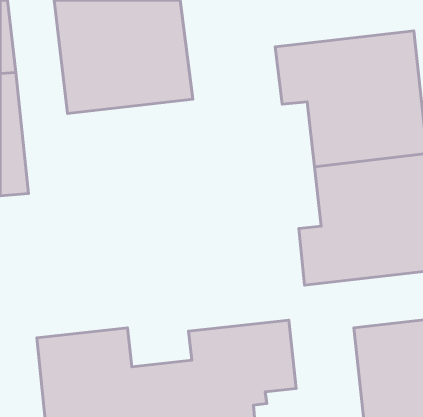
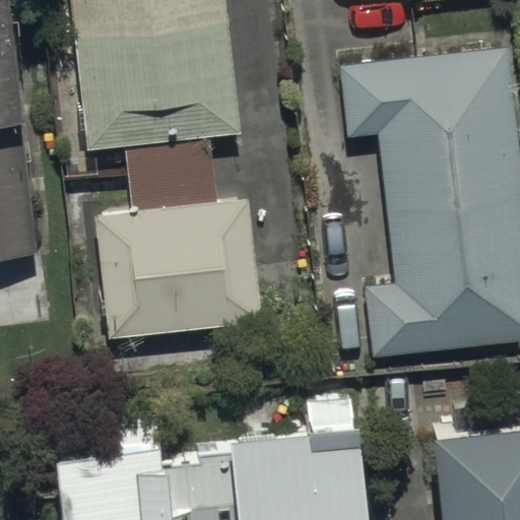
building: none -> [93,200,262,342]

